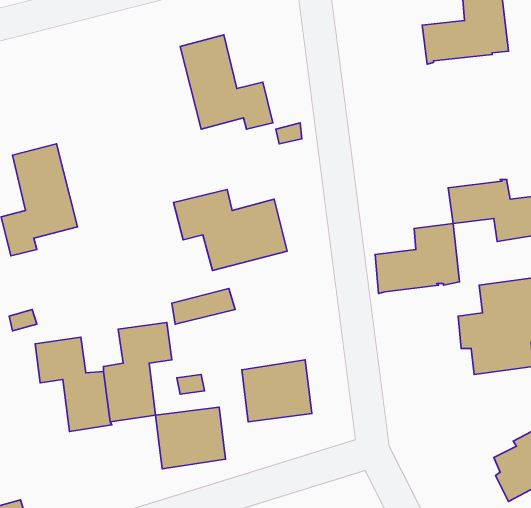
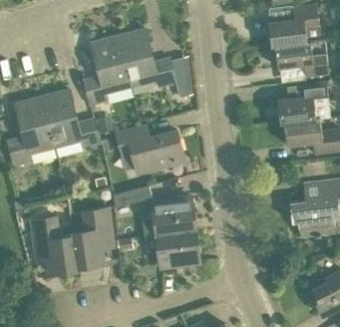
building: none -> [83,35,130,104]
building: none -> [274,38,329,77]
building: none -> [41,89,97,147]
building: [375,223,460,293] -> [277,80,329,123]
building: [156,407,226,469] -> [151,197,195,235]

